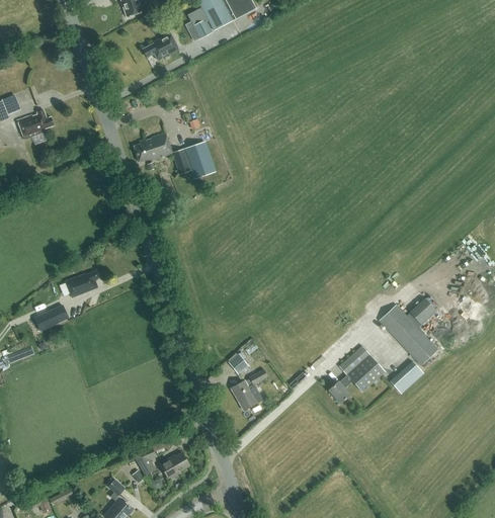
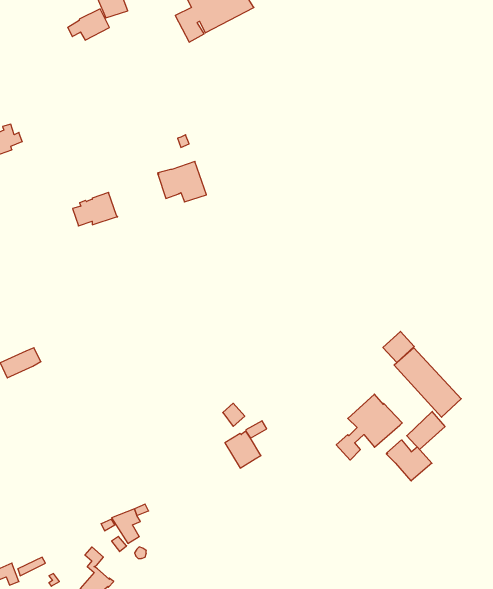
building: [143,32,179,60] -> [68,9,109,40]
building: [134,132,173,161] -> [73,192,118,226]
building: [60,270,98,297] -> none
building: [409,297,436,325] -> [383,331,414,363]
building: none -> [386,440,432,481]
building: [162,451,189,479] -> none

